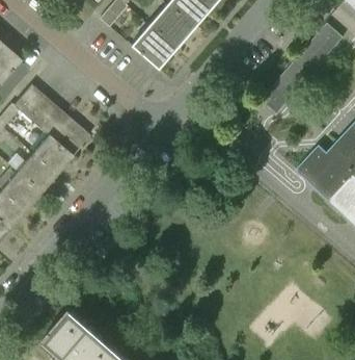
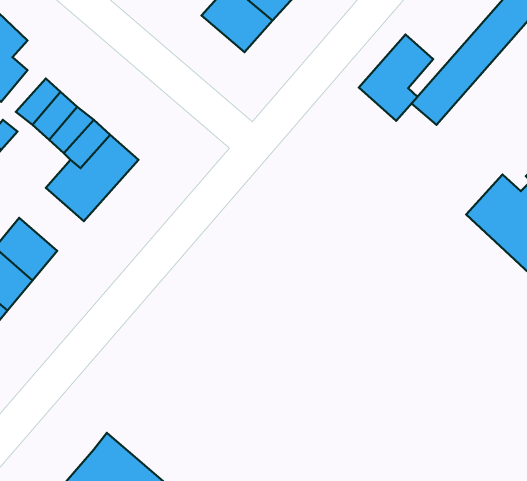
building: none -> [359,34,433,121]
building: [16,153,56,192] -> none

